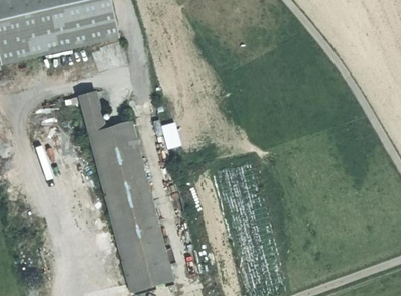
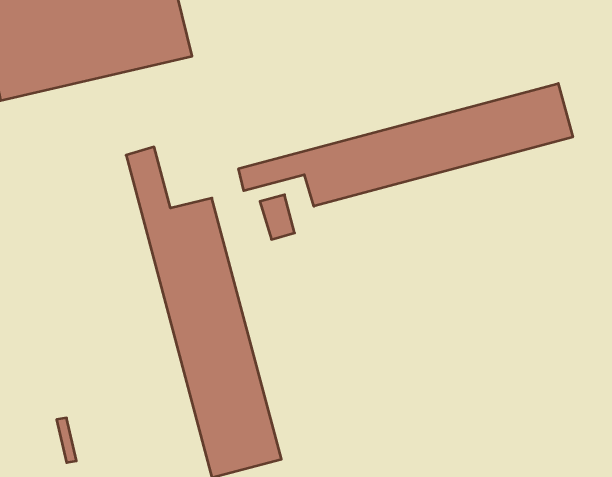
building: none -> [239,83,573,206]

